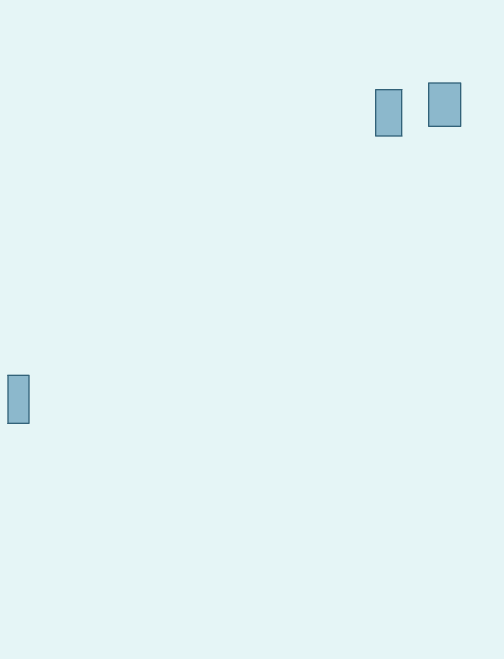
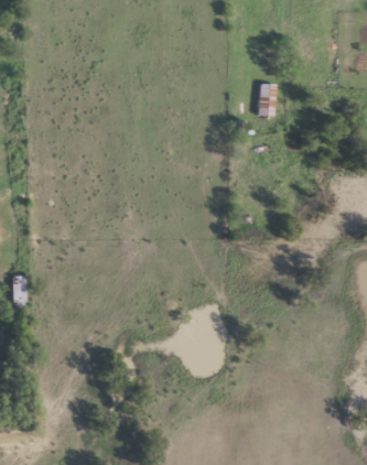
building: [429,83,461,126] -> none

